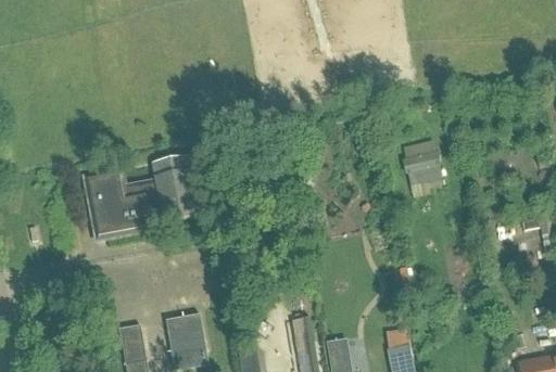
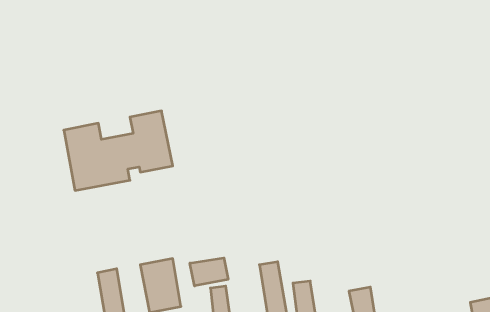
building: [401,151,441,184] -> none
building: none -> [190,258,228,286]

